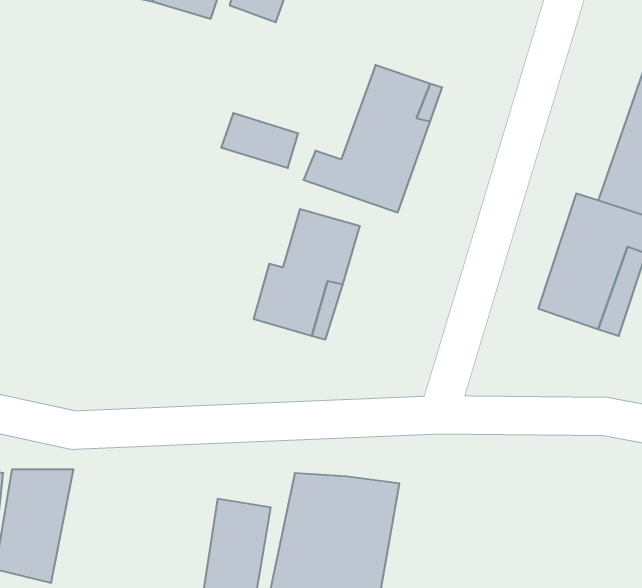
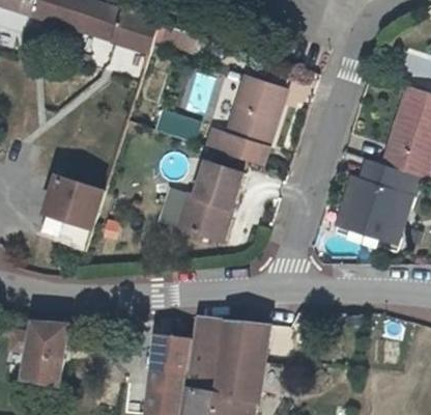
building: none -> [37,177,103,249]

